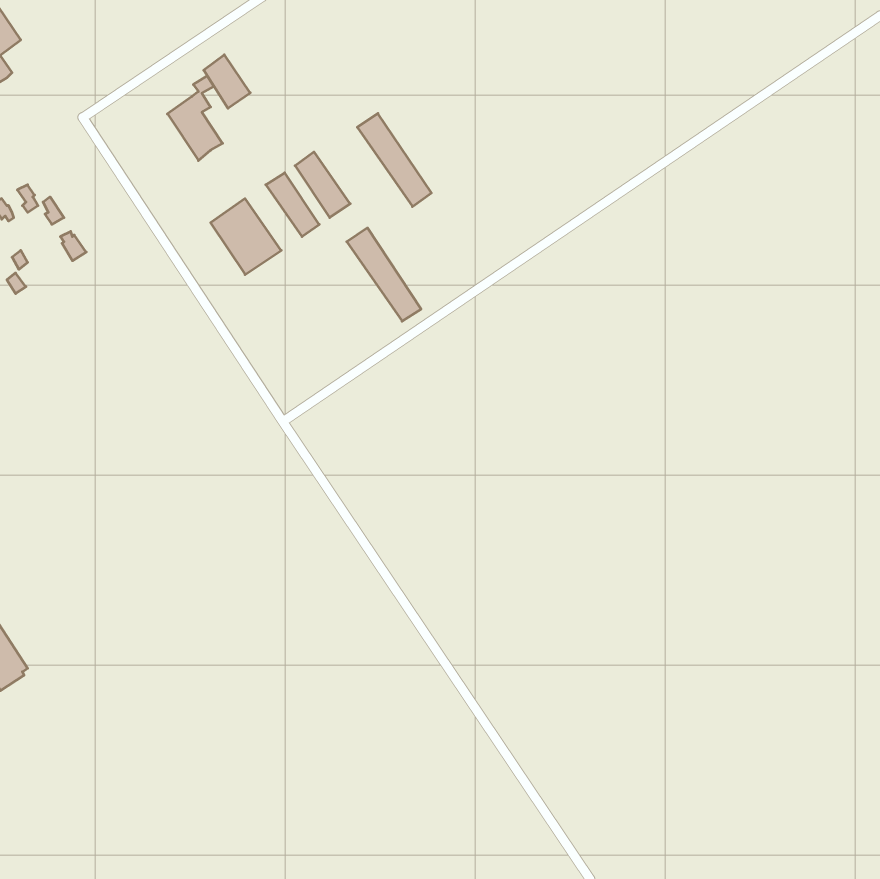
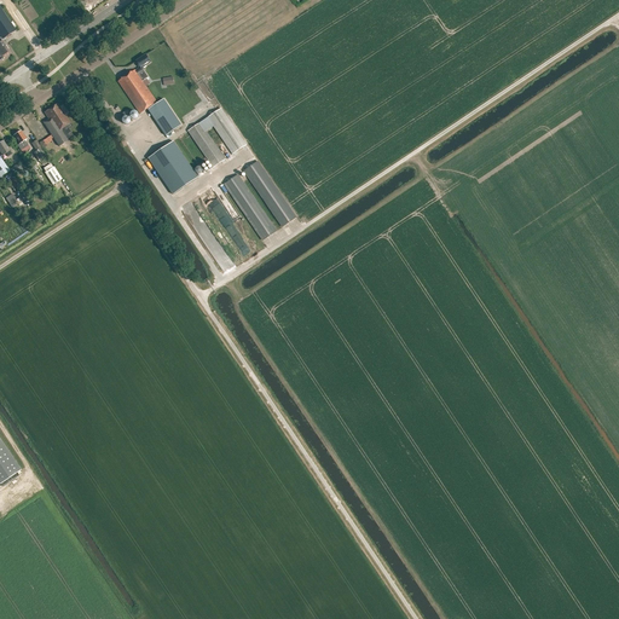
building: [204,55,250,108] -> [147,97,180,134]
building: [357,113,431,207] -> [224,173,276,238]
building: none -> [42,102,71,144]

